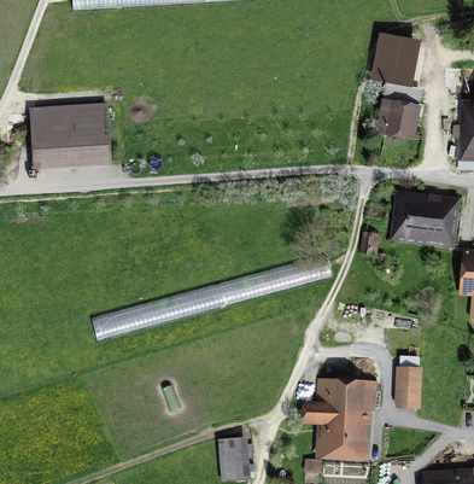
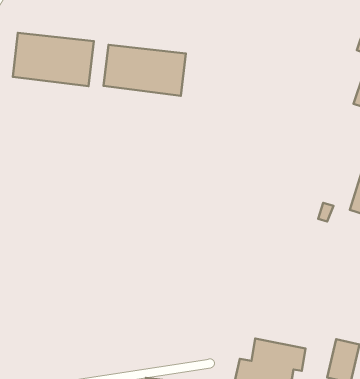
building: none -> [104,45,186,96]

